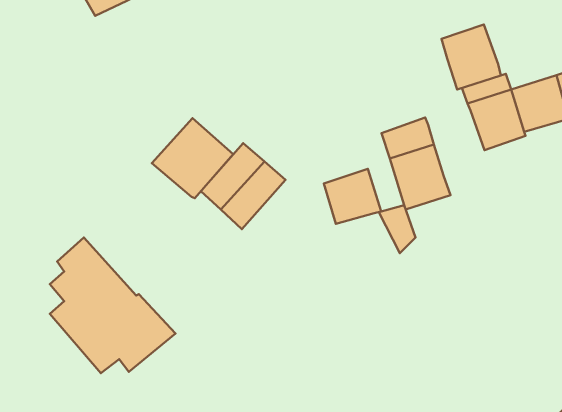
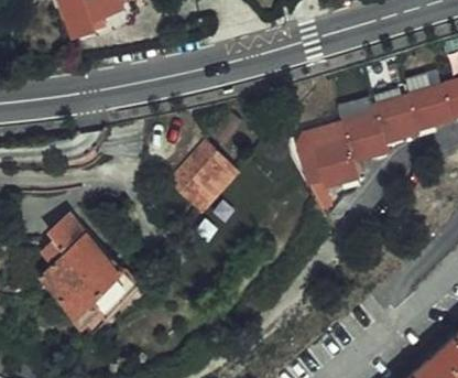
building: [442,25,501,90] -> [341,112,388,163]
building: [152,118,233,198] -> none
building: [324,169,381,224] -> none

